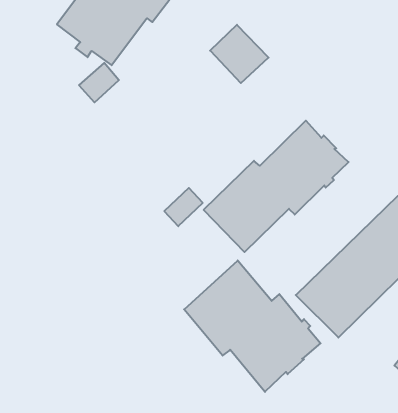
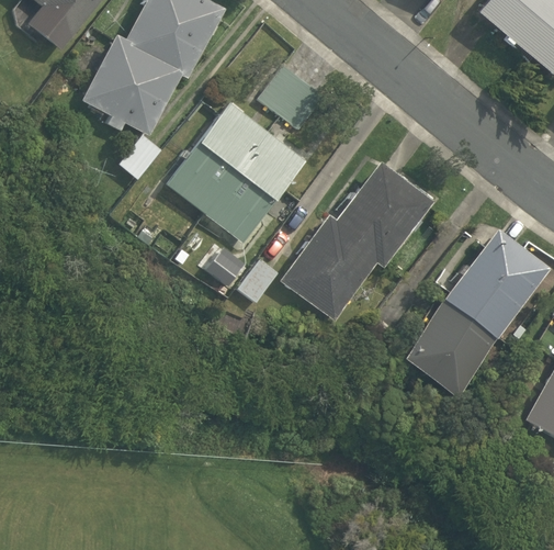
building: none -> [167,101,306,243]
building: [184,260,321,392] -> none

